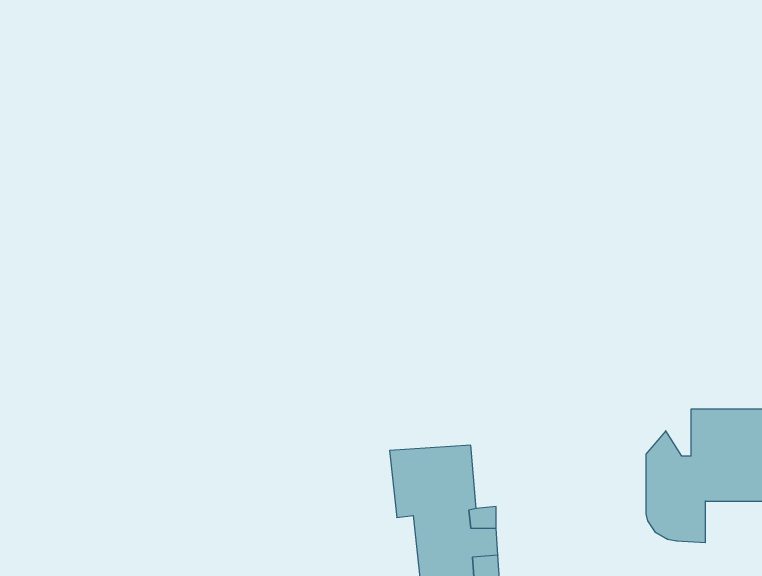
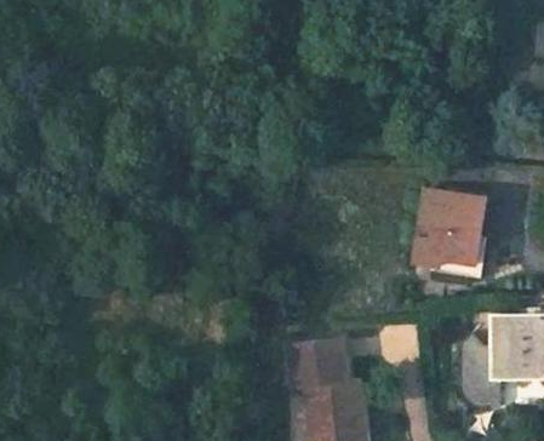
building: none -> [412,185,483,264]

